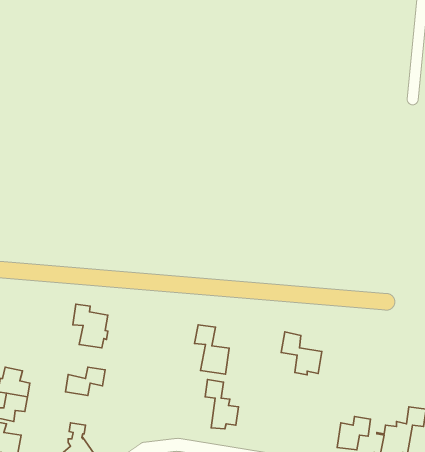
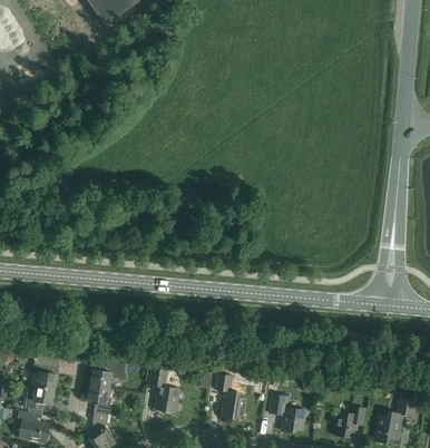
building: [73,304,108,348] -> none
building: [194,325,229,374] -> [148,368,179,412]
building: [281,332,322,375] -> [268,393,305,432]
building: none -> [87,384,110,415]

